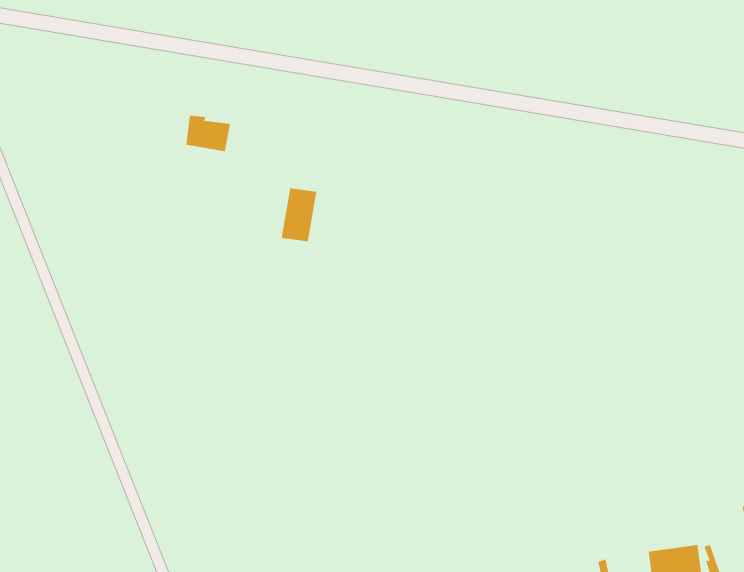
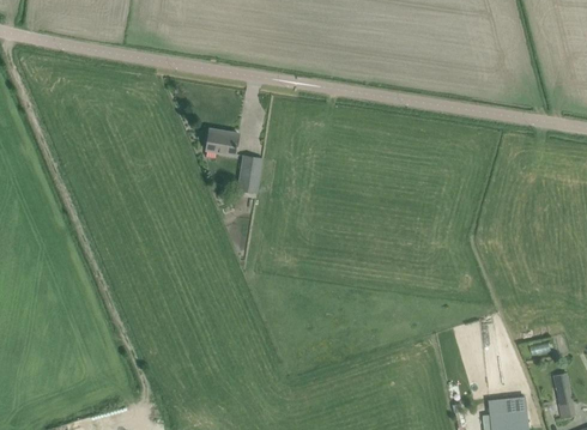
building: [186,115,231,152] -> [206,129,237,155]

